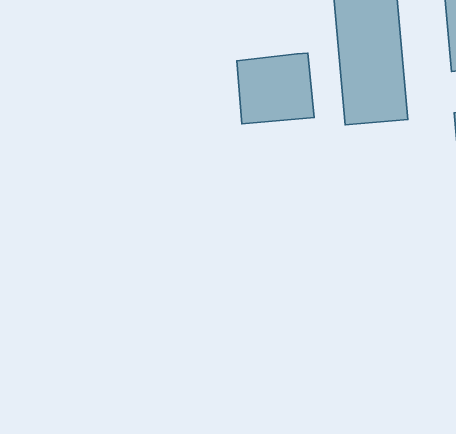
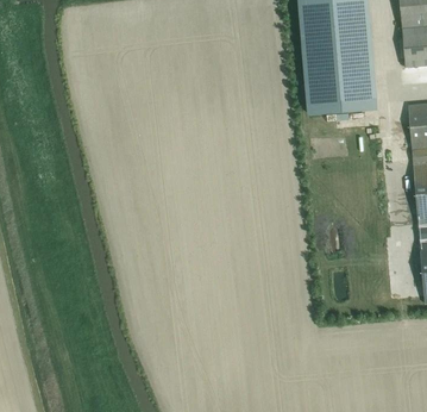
building: [237,53,314,124] -> none

